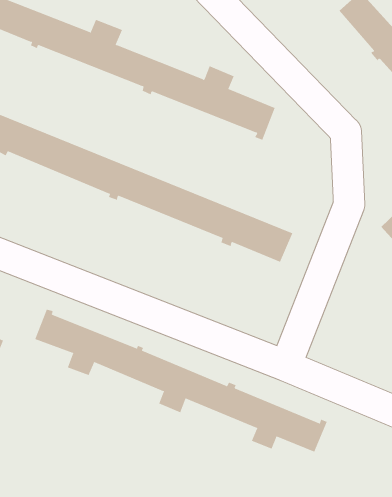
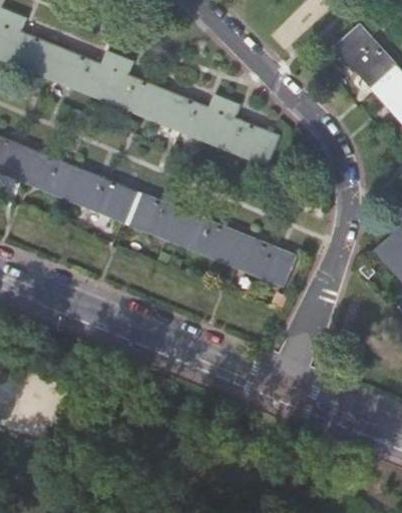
building: [35,309,328,452] -> none

